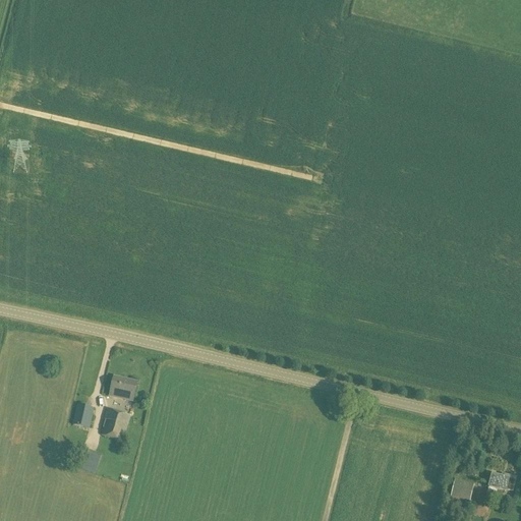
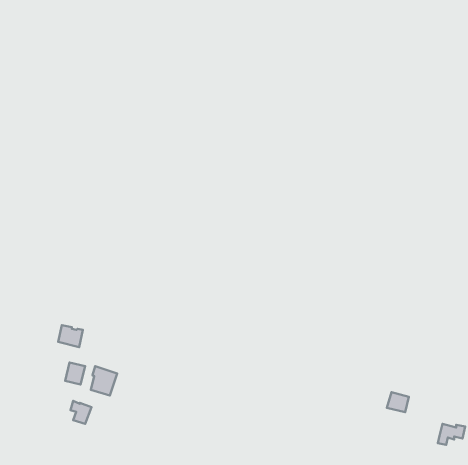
building: [109,375,136,400] -> [58,325,83,347]
building: [450,477,474,500] -> [387,392,409,412]

